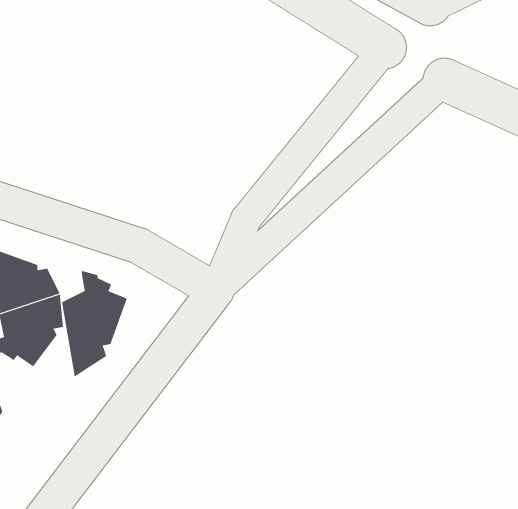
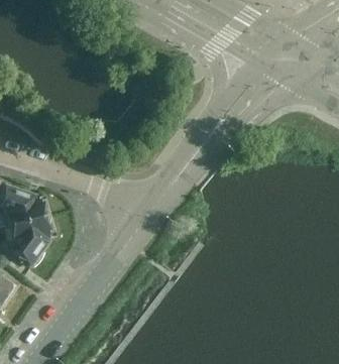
building: [61,270,128,378] -> none

